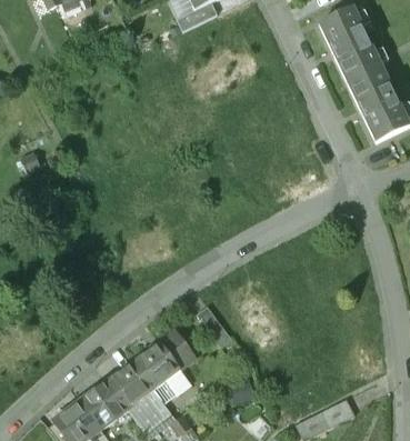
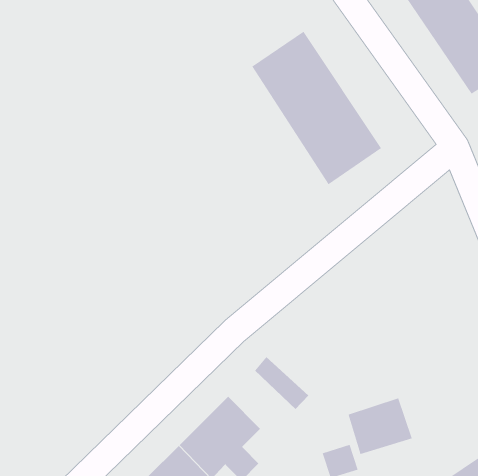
building: none -> [252,31,382,185]
building: none -> [348,397,412,455]

